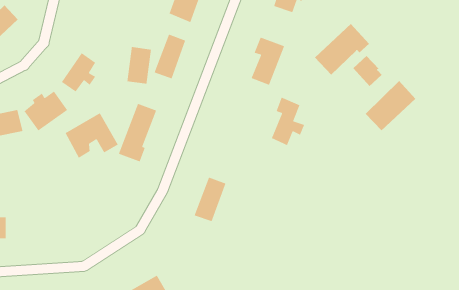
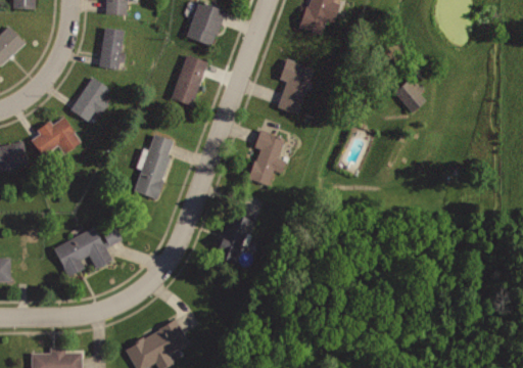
building: [314,23,370,75] -> none
building: [127,46,152,85] -> [97,27,125,68]
building: [365,80,416,131] -> none
building: [271,97,305,146] -> [249,130,287,184]
building: [64,112,119,159] -> [54,225,113,276]

